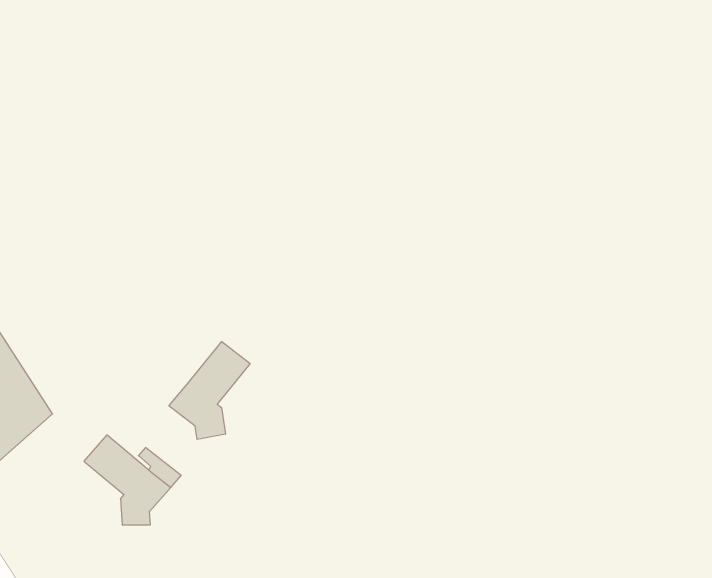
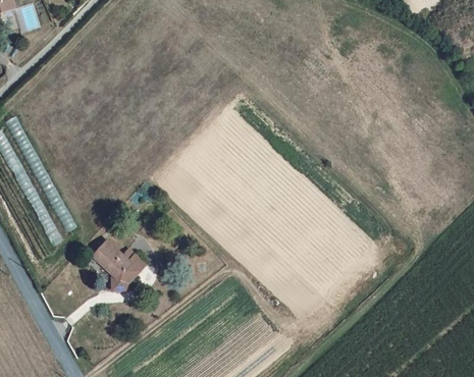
building: [169,342,250,439] -> none

